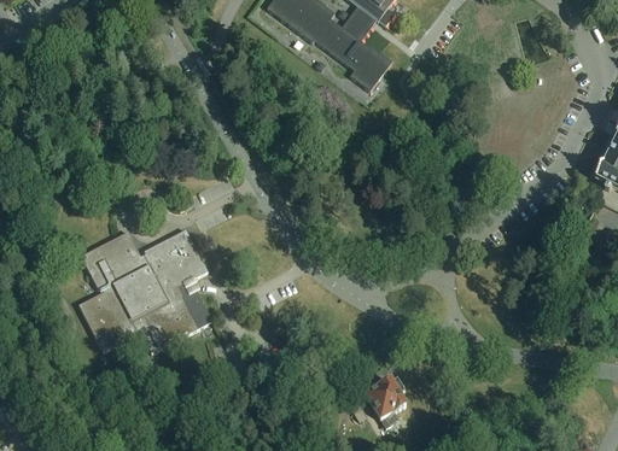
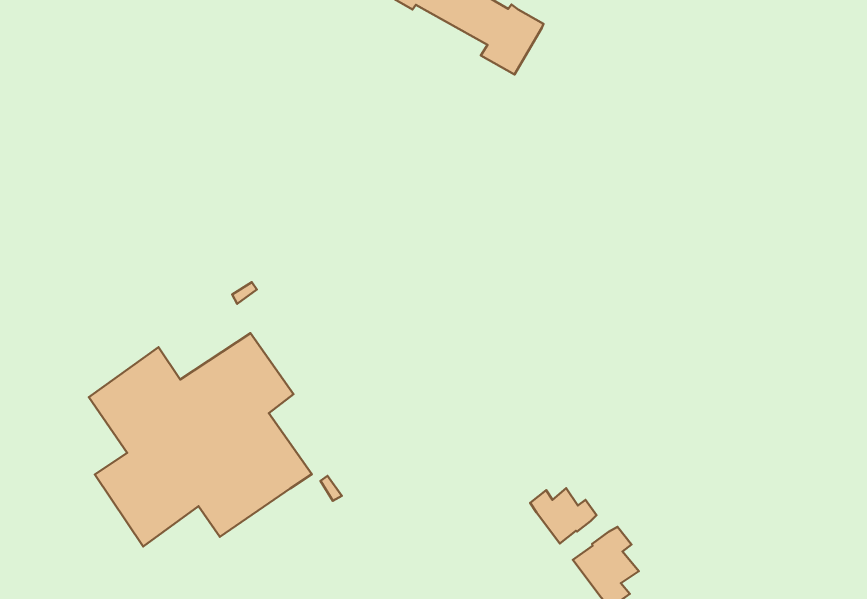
building: none -> [530,488,597,543]

